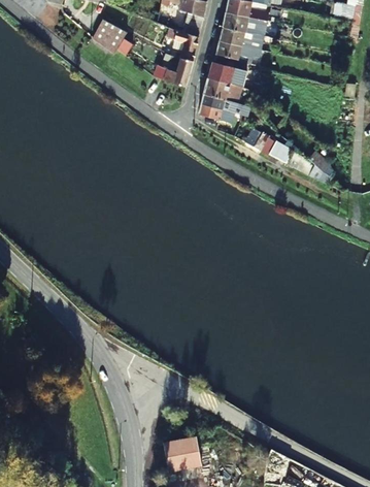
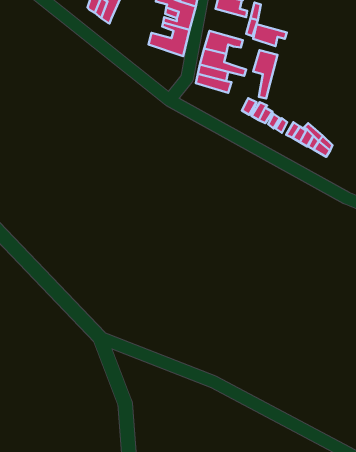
building: [216,40,249,62] -> [253,24,287,46]
building: none -> [253,50,278,98]
building: [164,435,202,470] -> none

